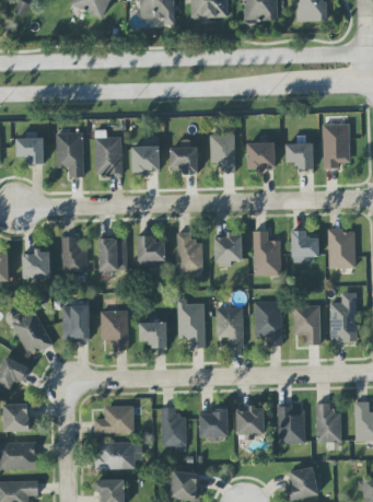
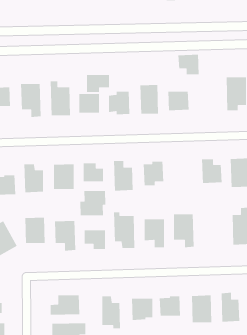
building: none -> [86,74,110,93]
building: [285,142,314,170] -> [178,54,200,75]
building: [254,230,281,275] -> none
building: none -> [79,190,106,216]
building: [293,305,320,345] -> none

